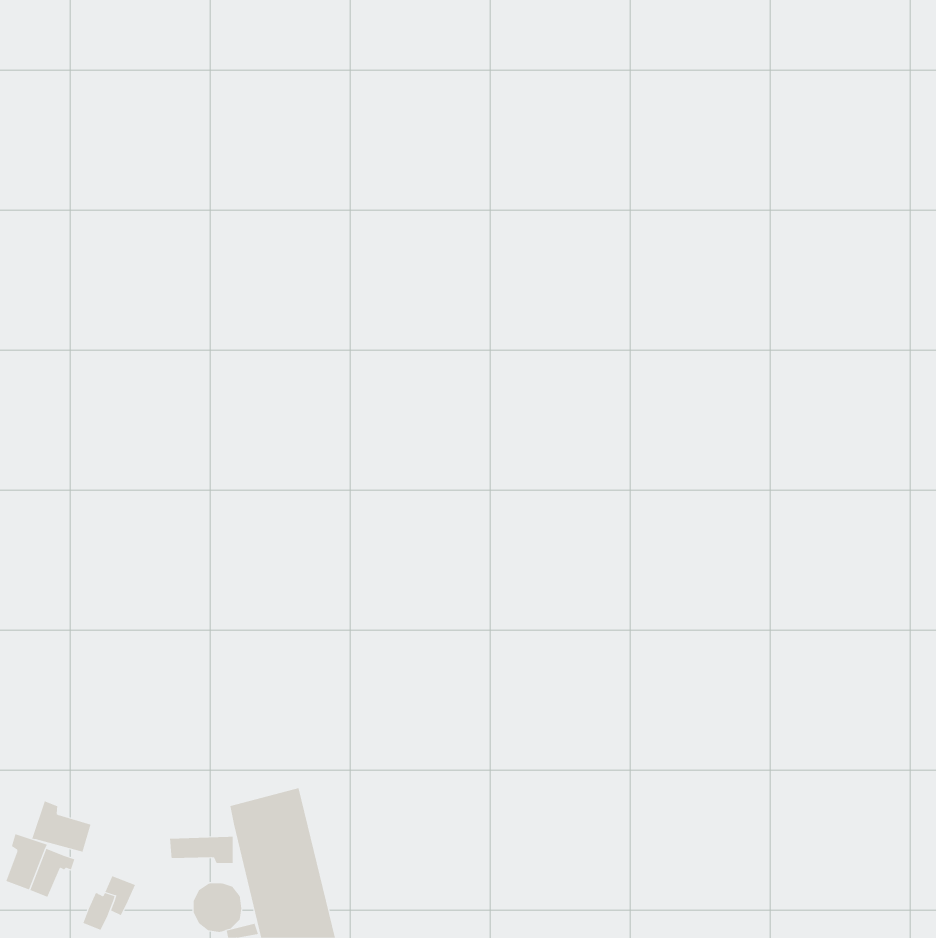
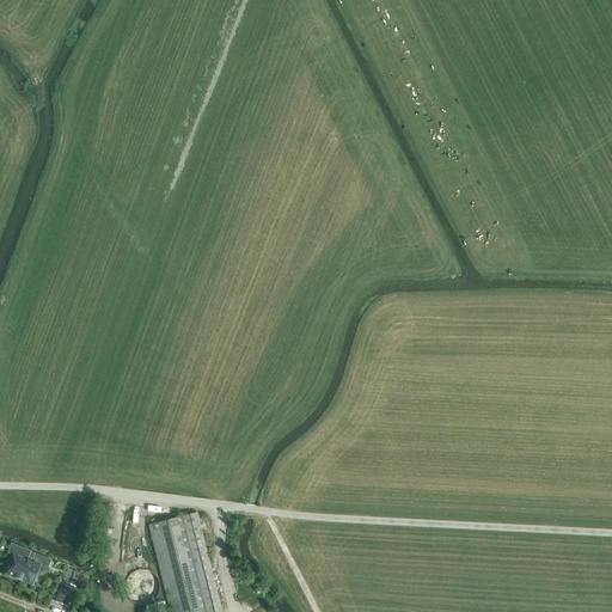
building: [32,801,91,853] -> none
building: [170,836,233,864] -> none

